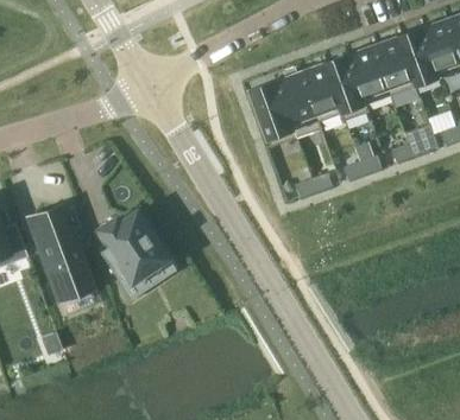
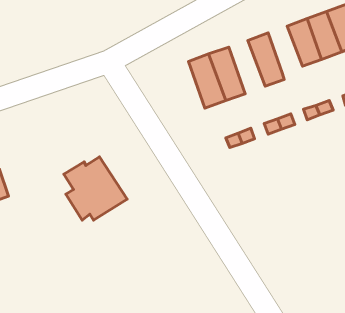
building: [348,46,391,106] -> none
building: [300,64,345,131] -> none
building: [24,204,94,305] -> none

